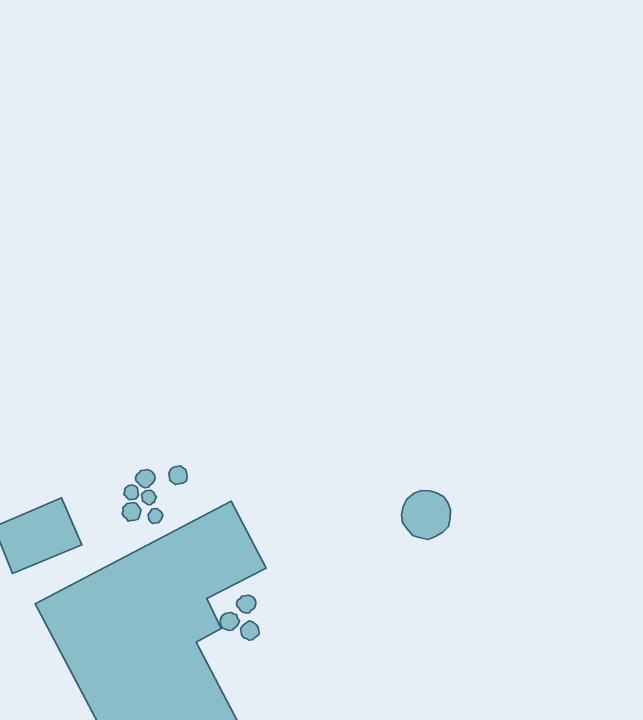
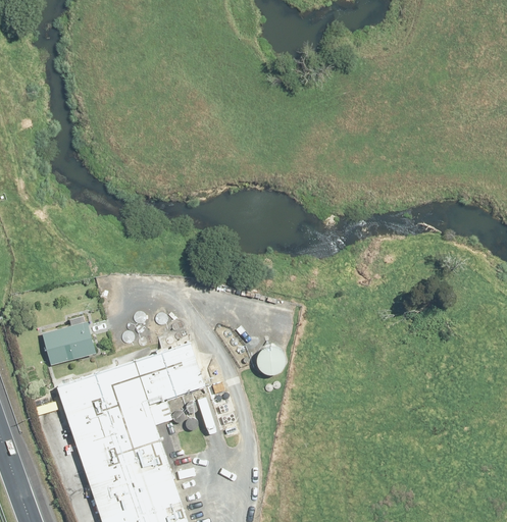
building: [401,490,451,539] -> [254,345,286,376]

